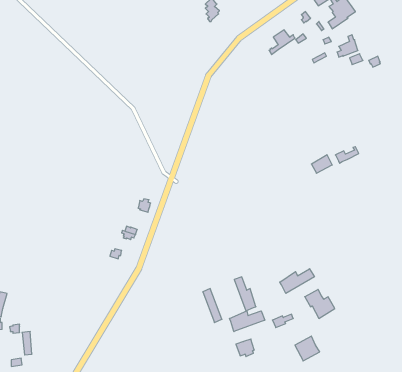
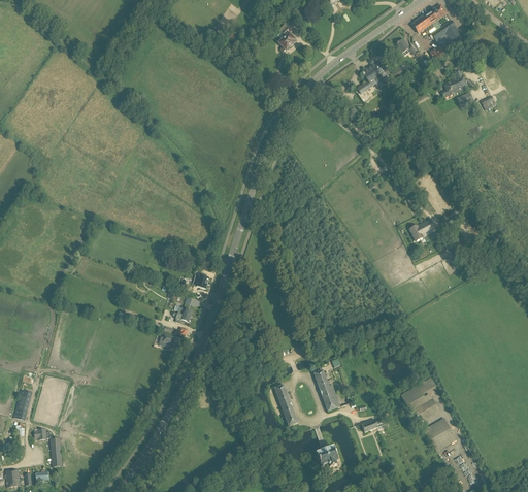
building: [280,269,314,293] -> none
building: [230,311,265,332] -> none
building: [295,336,320,361] -> [425,418,456,449]

